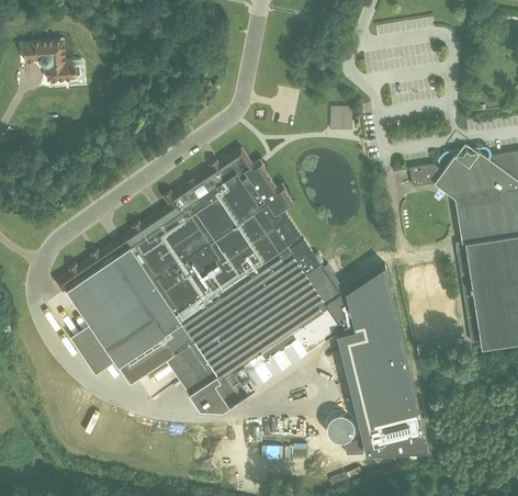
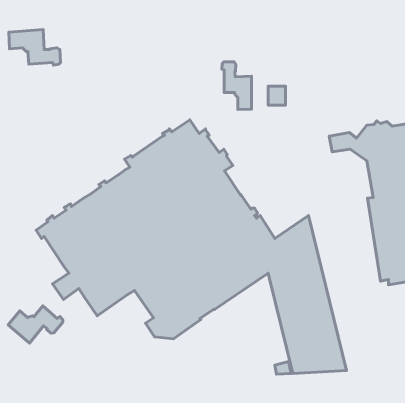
building: none -> [222,62,252,110]
building: none -> [8,306,63,343]

